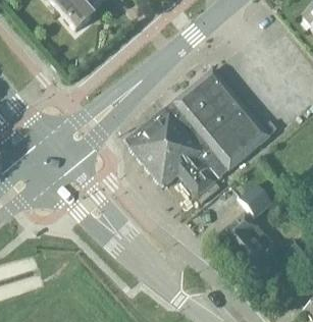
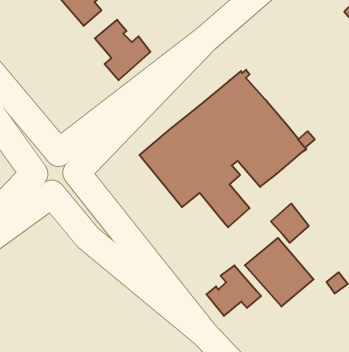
building: none -> [95,20,150,80]
building: none -> [206,265,261,316]

